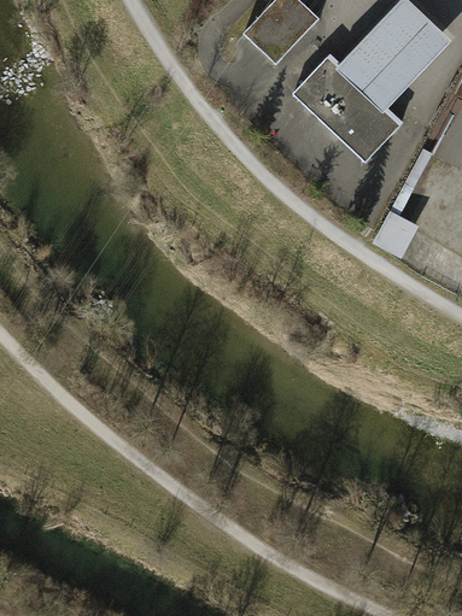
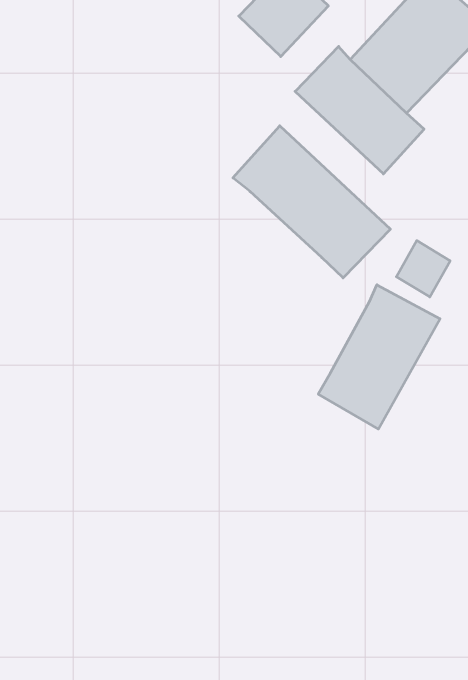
building: none -> [233,126,390,278]
building: none -> [318,285,440,429]

